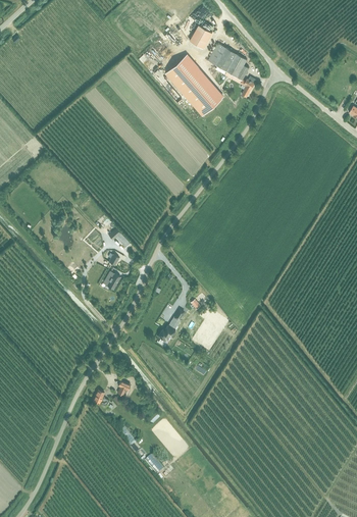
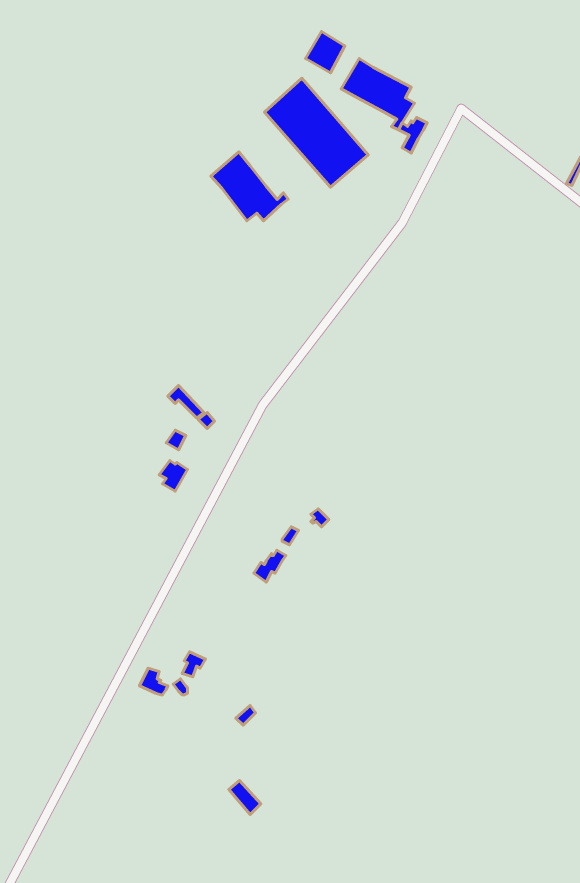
building: none -> [211,152,288,221]

